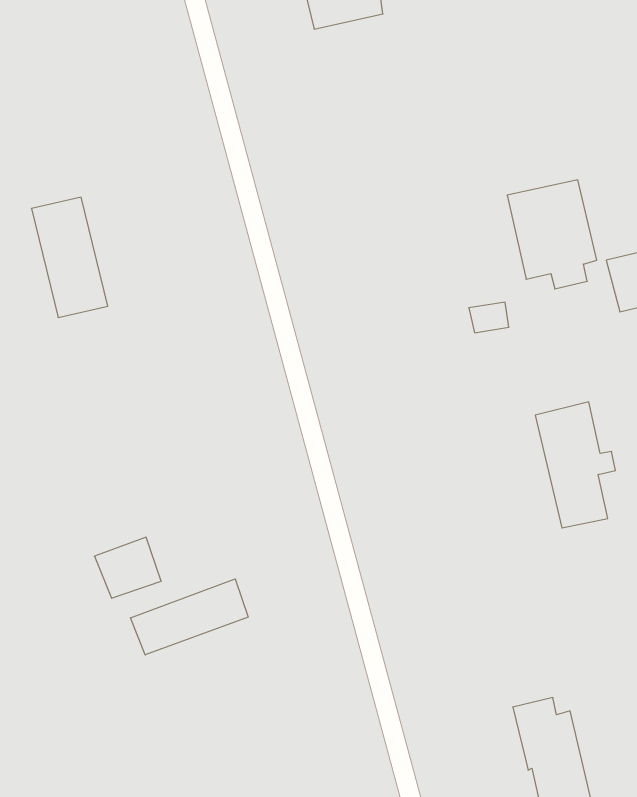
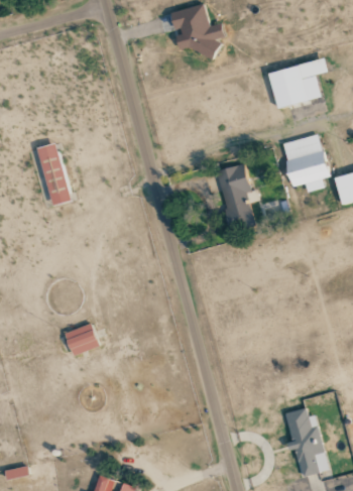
building: none -> [268,59,327,108]
building: [535,402,615,528] -> [216,163,258,230]
building: [131,579,248,655] -> none

